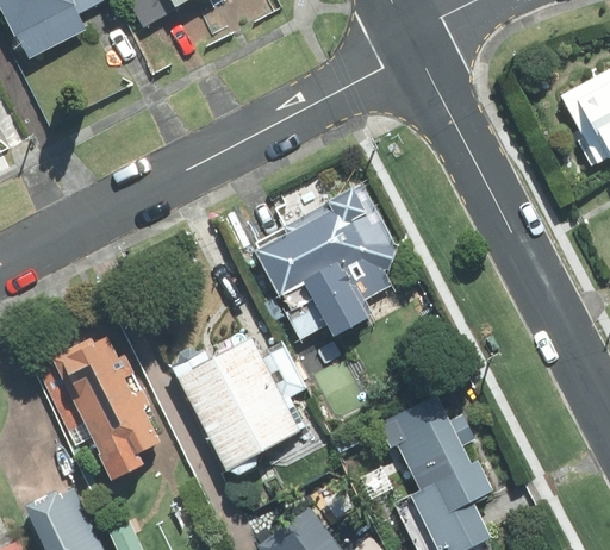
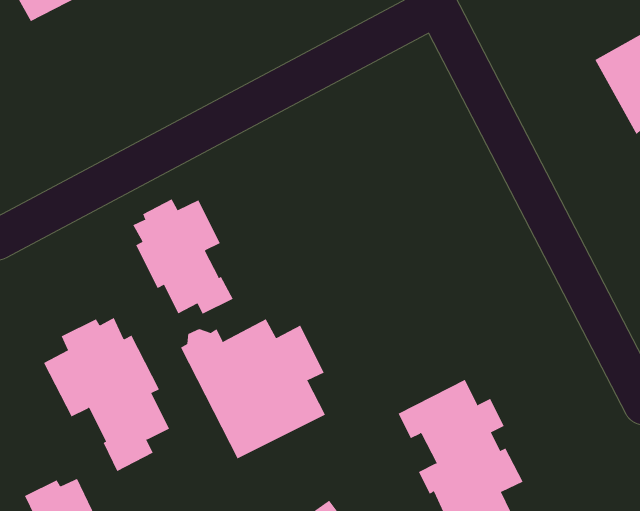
building: [255,185,396,339] -> none
building: none -> [133,199,233,314]

